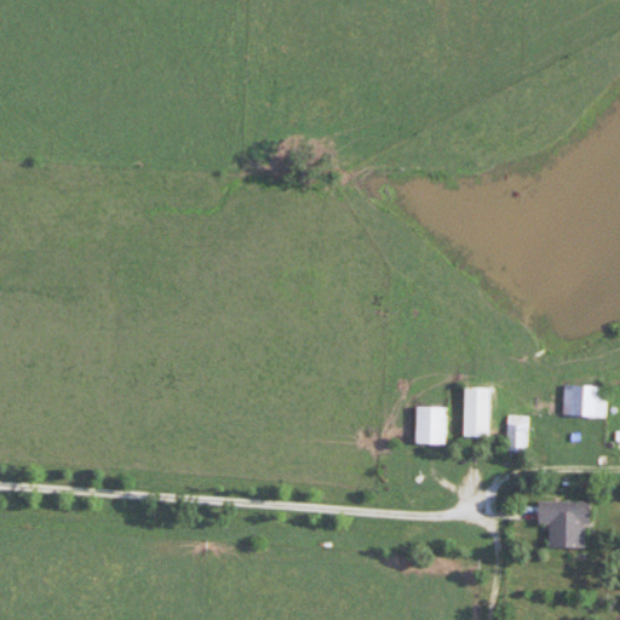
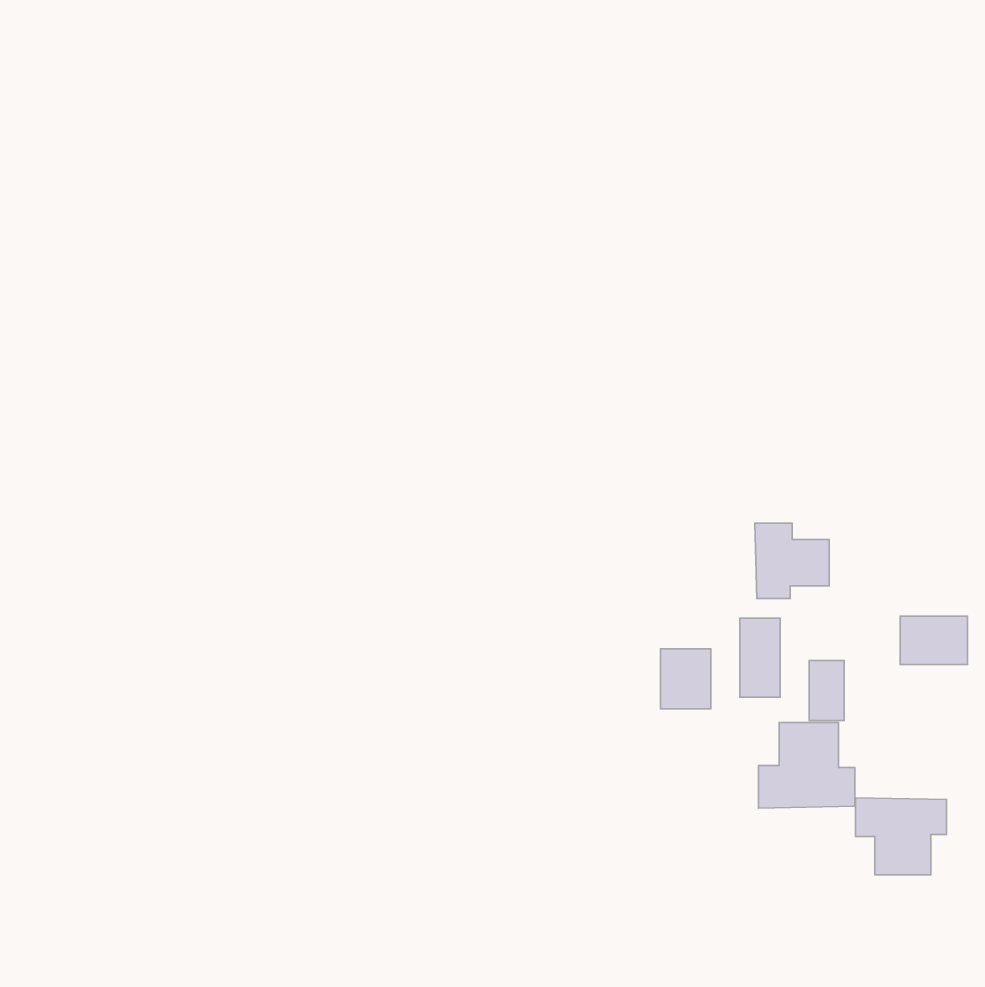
building: none -> [755,523,829,599]
building: none -> [759,723,855,808]

